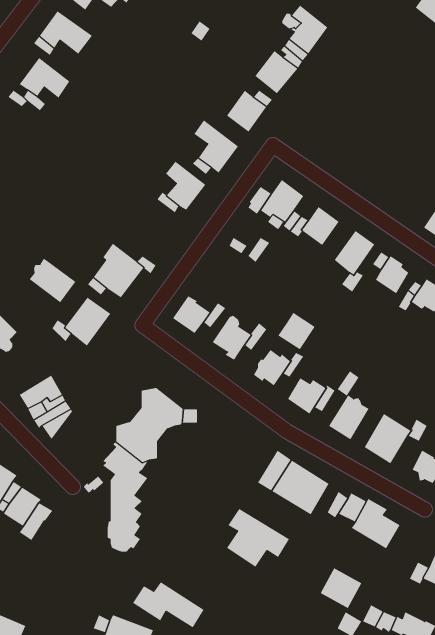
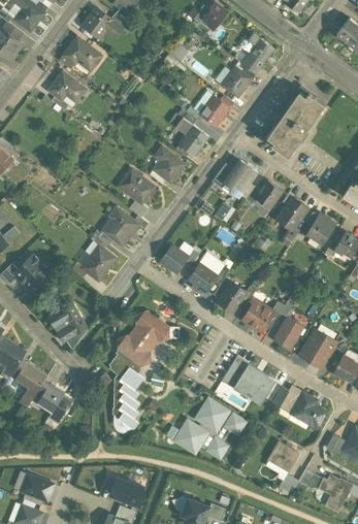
building: none -> [264,87,325,156]
building: none -> [121,168,154,202]
building: [29,258,76,303] -> none
building: [278,312,316,350] -> none
building: [132,581,205,628] -> [174,424,227,458]

